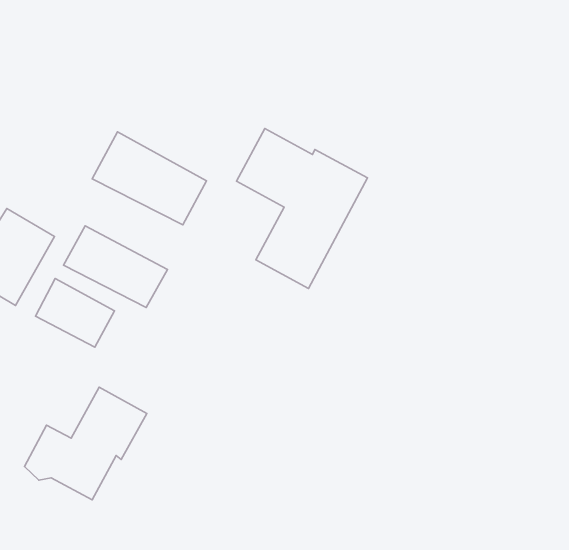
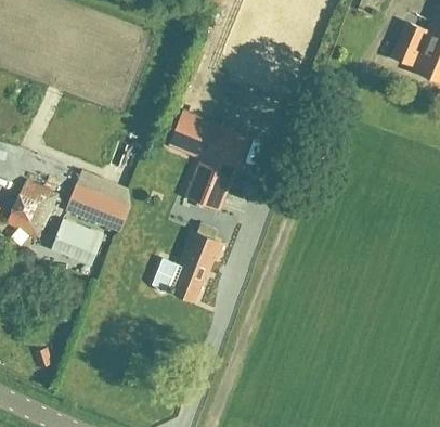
building: [92,132,207,225] -> none
building: [24,387,147,500] -> [150,230,222,300]

